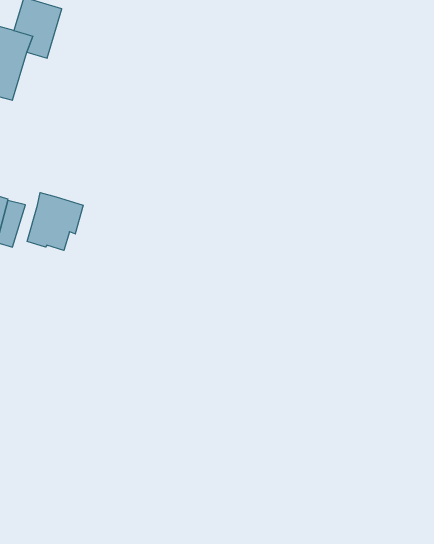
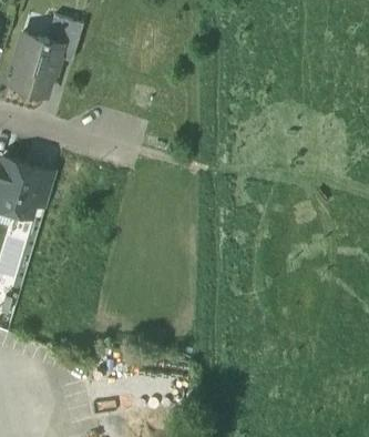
building: [27,193,83,250] -> none

